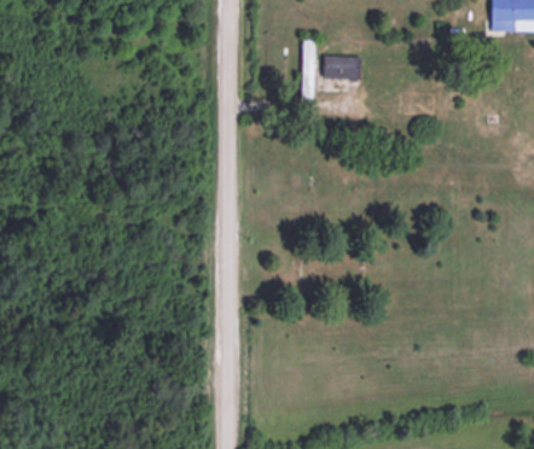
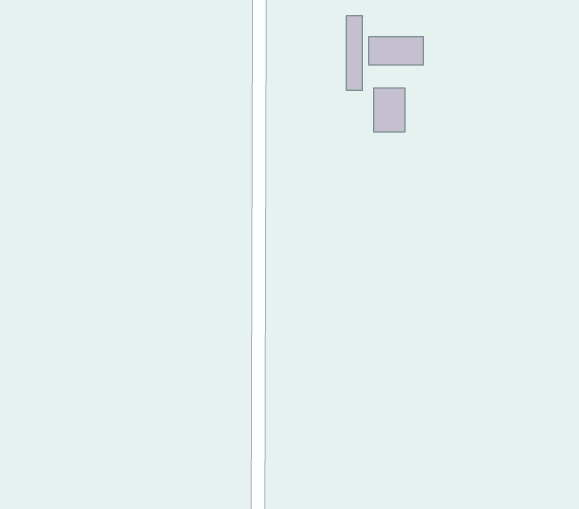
building: none -> [374,88,405,132]

